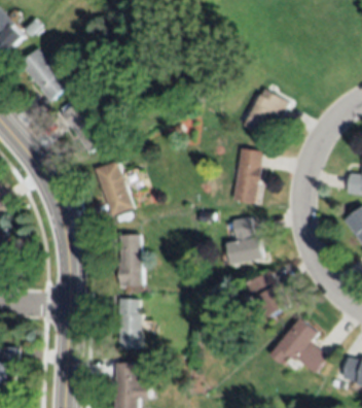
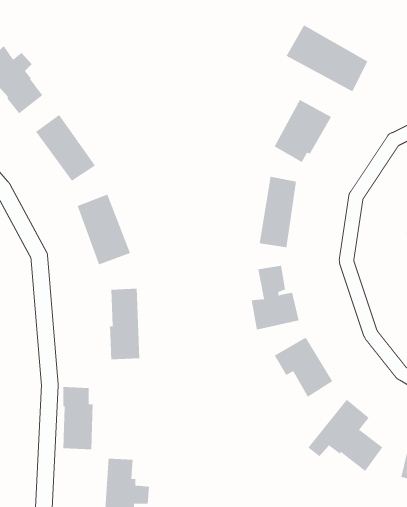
building: none -> [286,25,368,92]
building: [118,300,142,348] -> [63,386,94,450]

